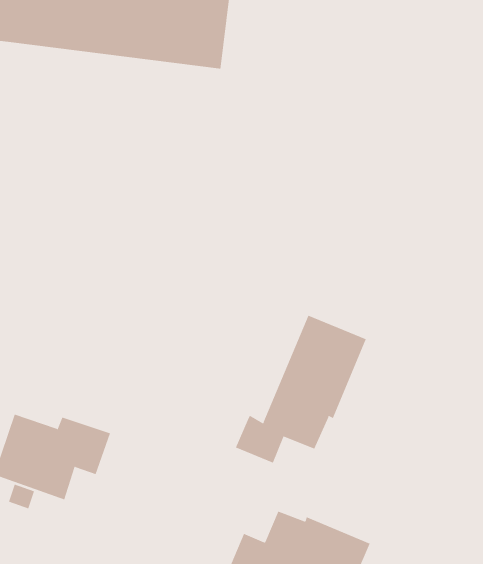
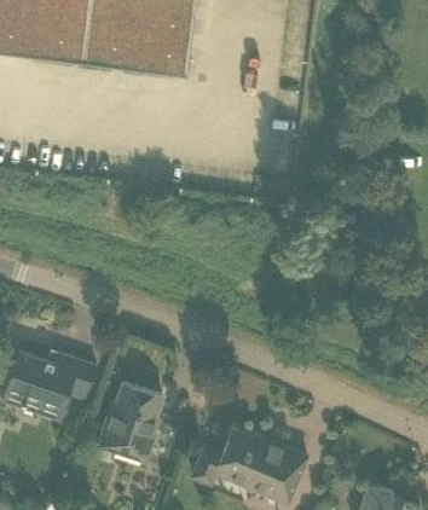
building: [235,315,367,463] -> none
building: none -> [98,382,161,460]

